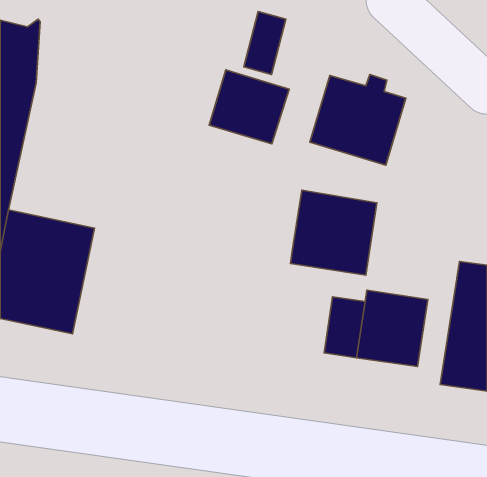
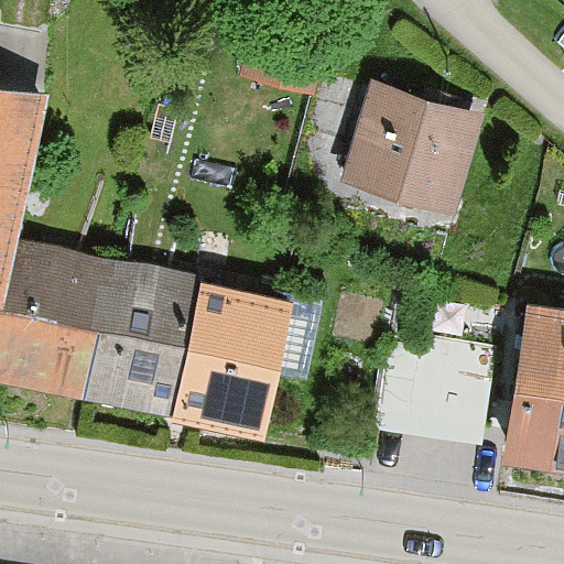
building: [209,70,289,144] -> none
building: [290,190,377,275] -> none
building: none -> [84,275,315,433]

